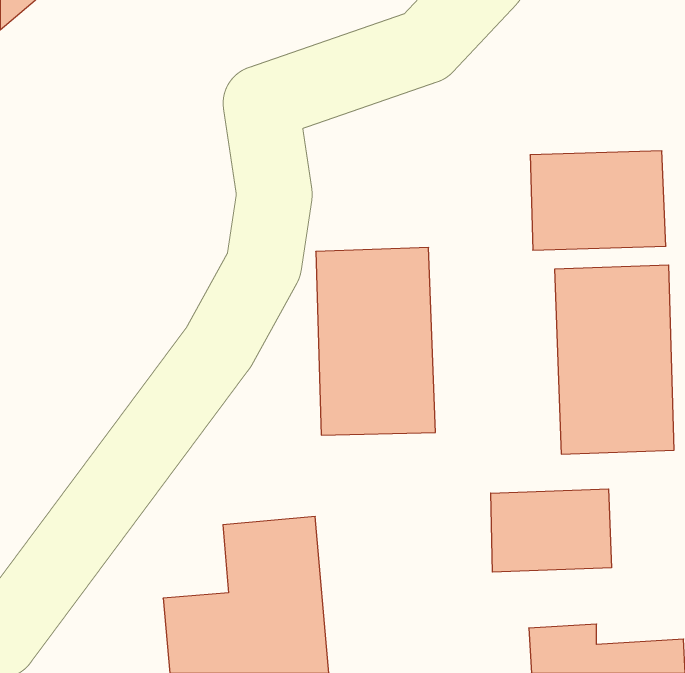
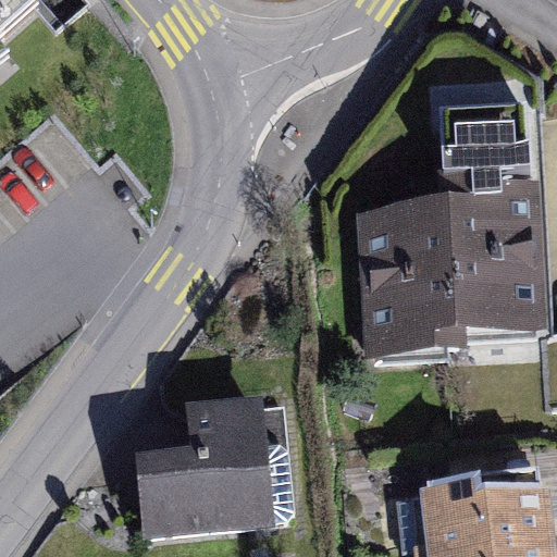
building: [316,248,435,435] -> [361,215,457,366]
building: [491,489,611,572] -> none

